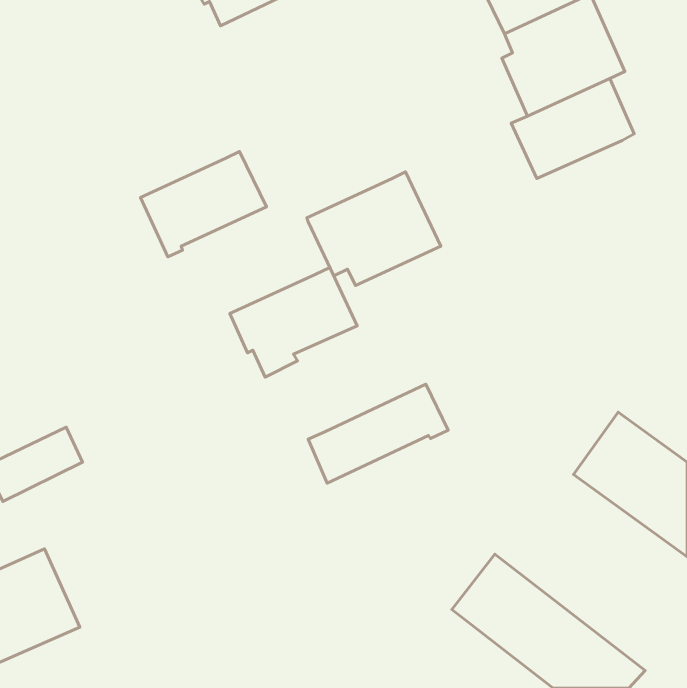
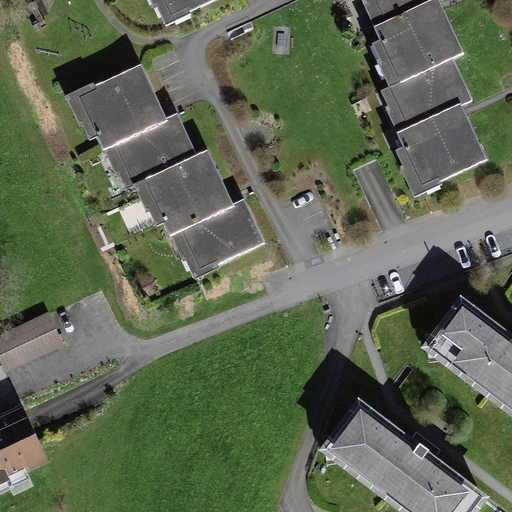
building: none -> [66,60,167,146]
building: none -> [393,104,484,197]
building: [307,172,441,285] -> [134,148,233,232]
building: [308,384,448,483] -> none

